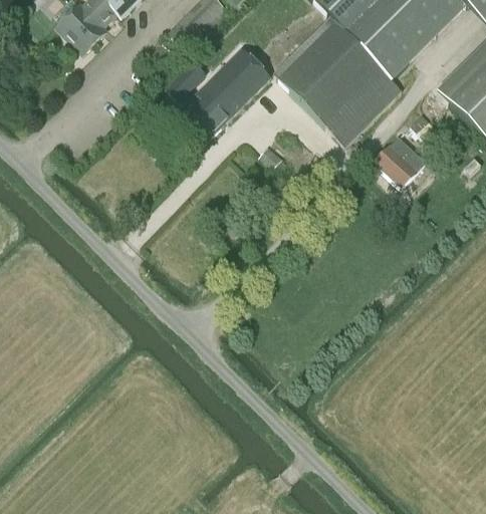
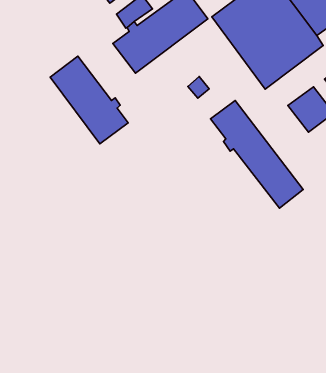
building: none -> [50,56,128,144]
building: none -> [210,101,303,208]

